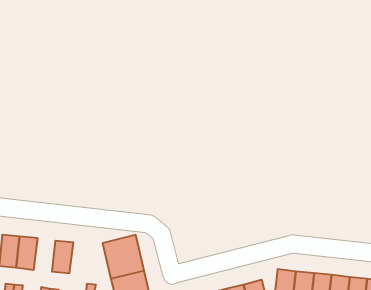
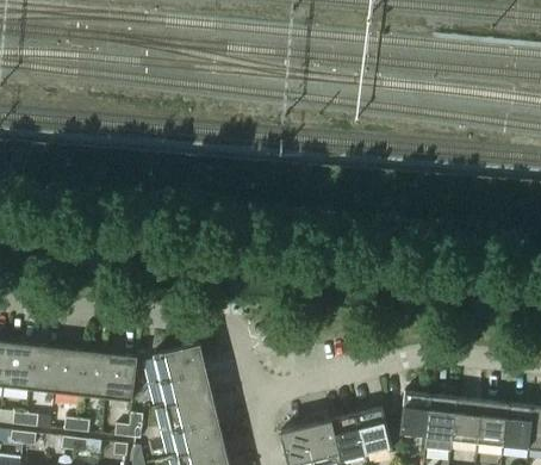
building: none -> [54,347,85,395]
building: none -> [105,353,137,401]

